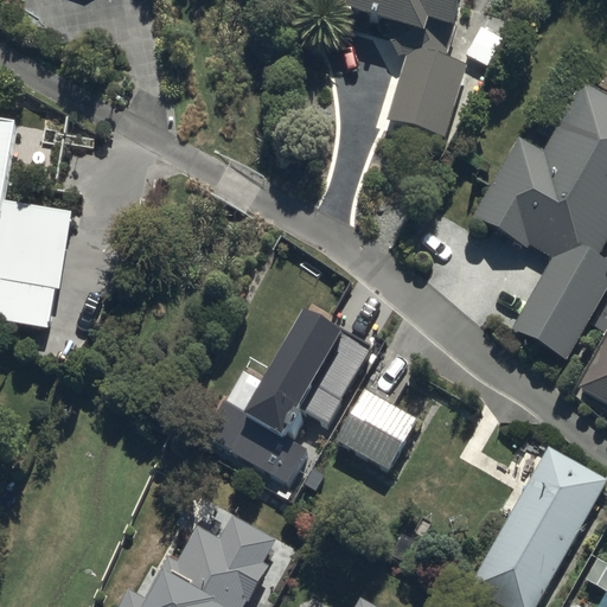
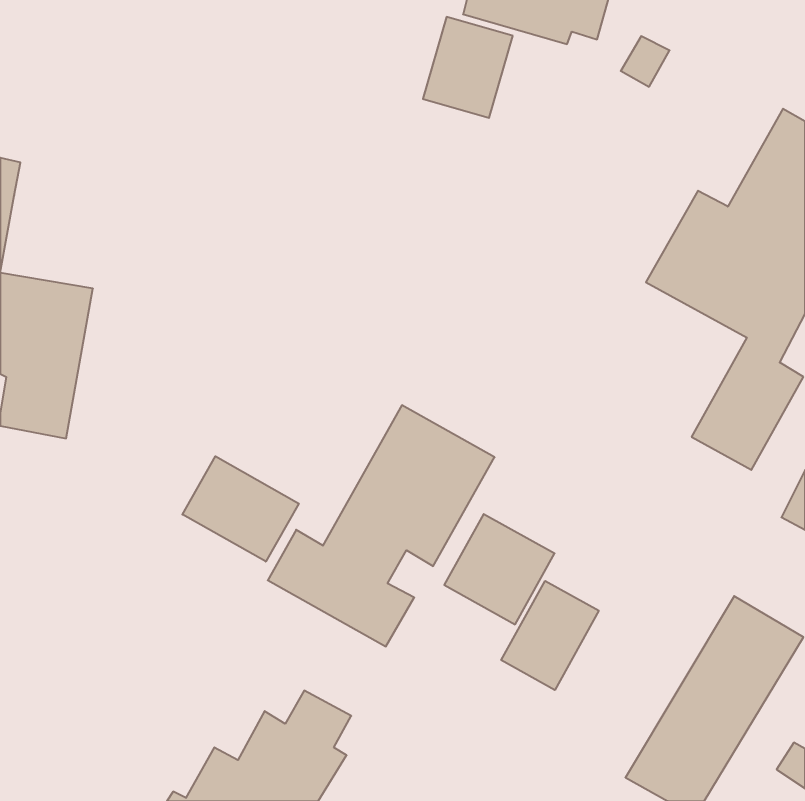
building: [398,55,466,130] -> [423,17,513,118]
building: none -> [182,456,299,562]
building: none -> [501,581,599,690]

